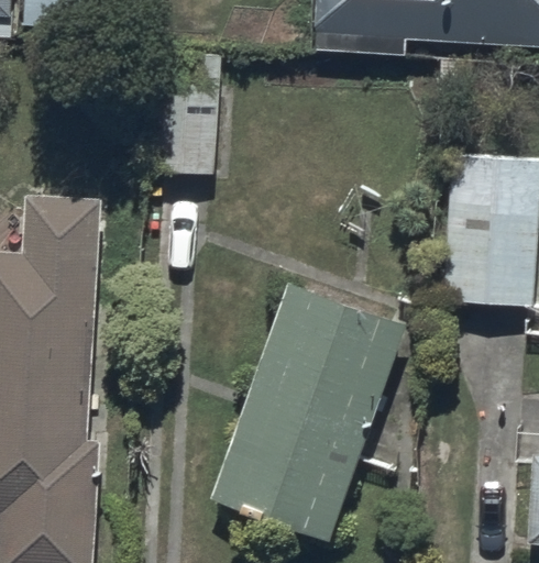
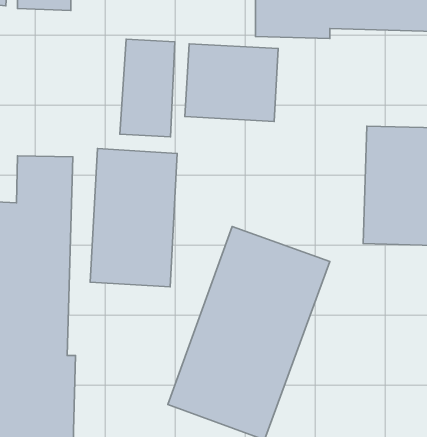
building: none -> [185,44,278,121]
building: none -> [90,149,177,287]

